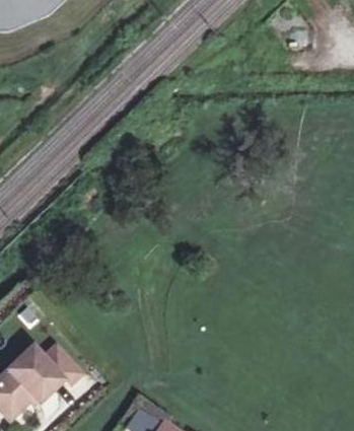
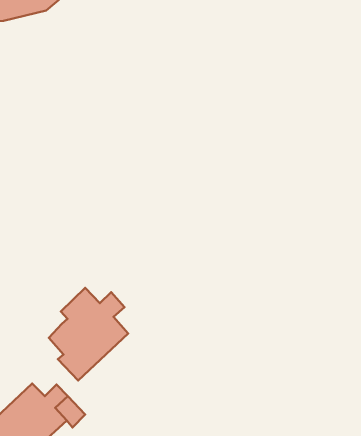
building: none -> [49,288,128,381]

